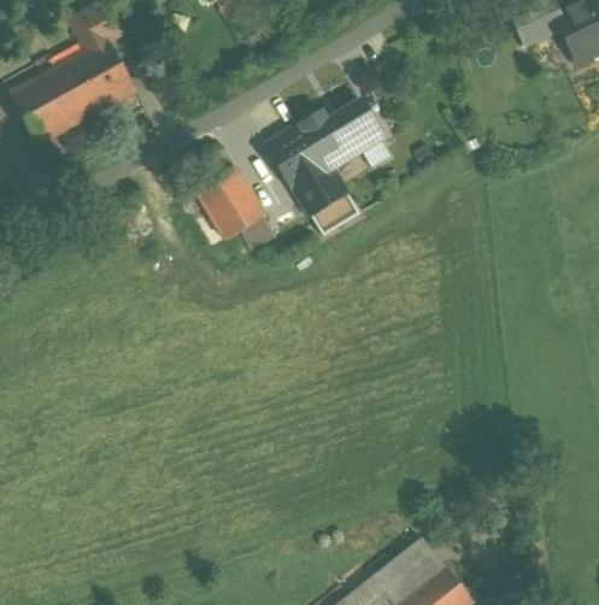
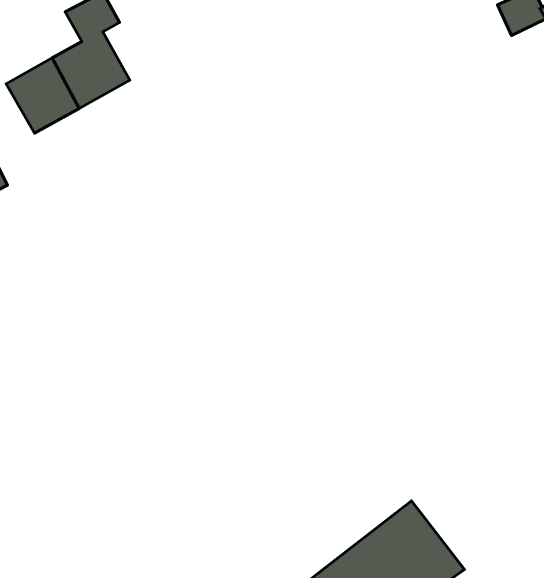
building: [268,102,383,237] -> none
building: [195,169,265,243] -> none

